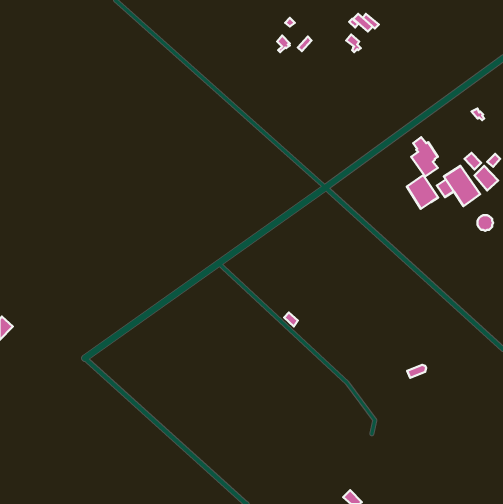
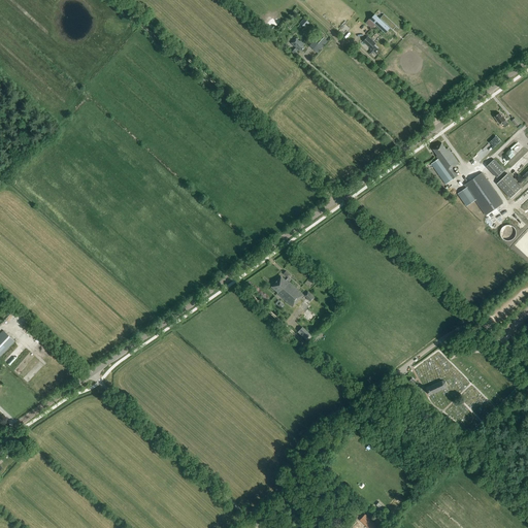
building: [407,175,438,209] -> none
building: none -> [270,276,302,307]

